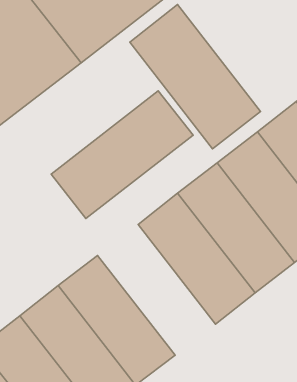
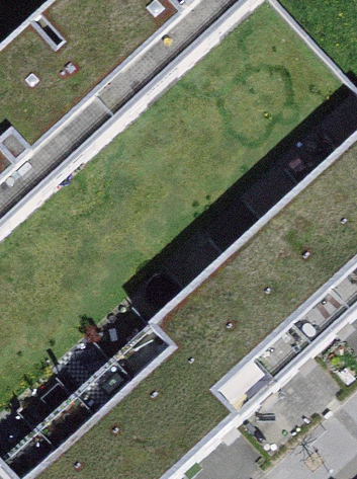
building: [130,5,260,149] -> none
building: [51,91,193,218] -> none
building: none -> [138,294,265,426]

